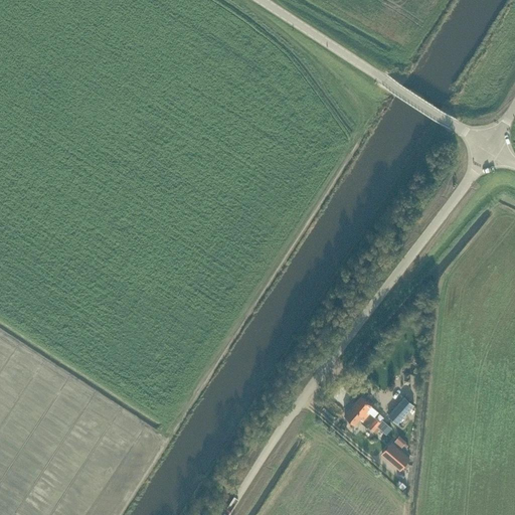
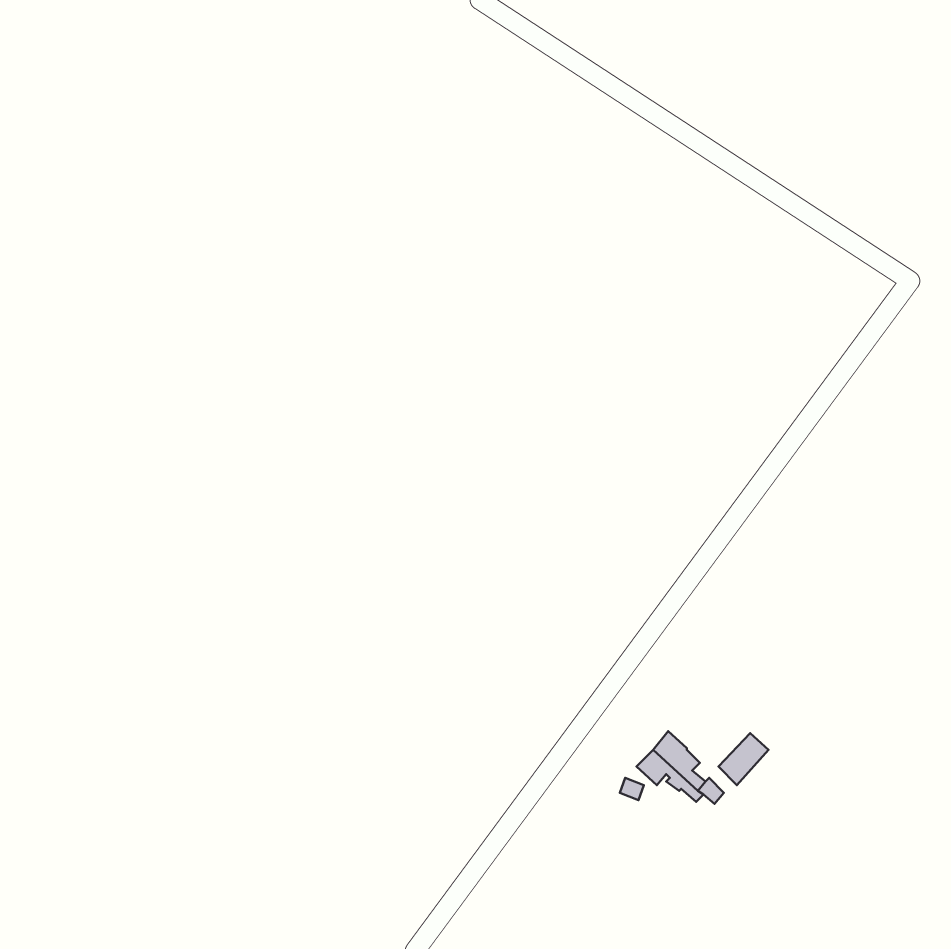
building: [381,444,409,472] -> none

